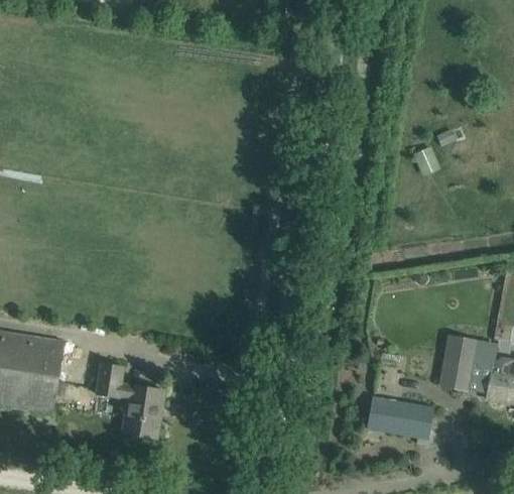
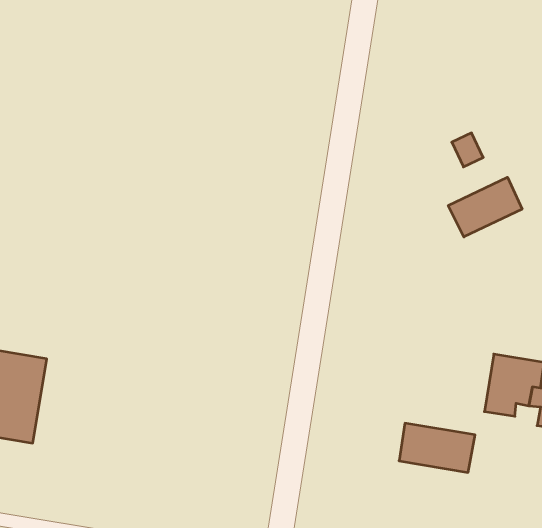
building: none -> [448,177,522,237]
building: [97,363,164,438] -> none

